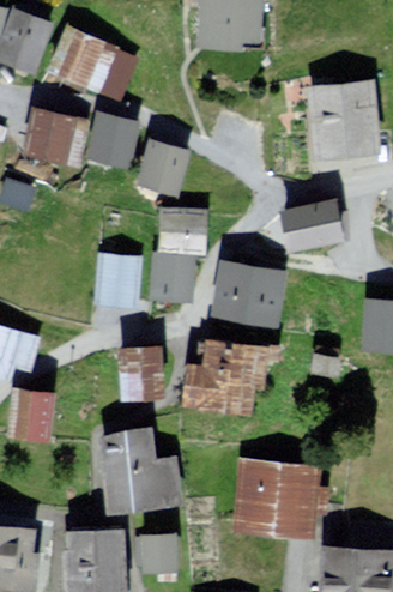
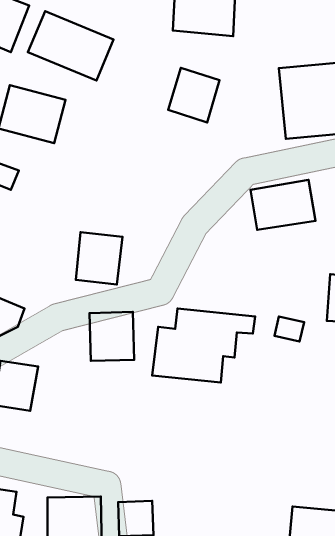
building: [87,114,141,171] -> none
building: [137,140,191,198] -> [168,68,220,122]
building: [158,212,208,256] -> none
building: [155,260,192,298] -> none
building: [219,268,286,325] -> none
building: [97,430,181,511] -> none
building: [228,453,321,534] -> none

